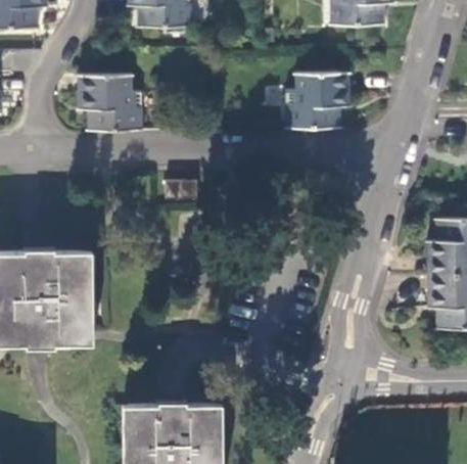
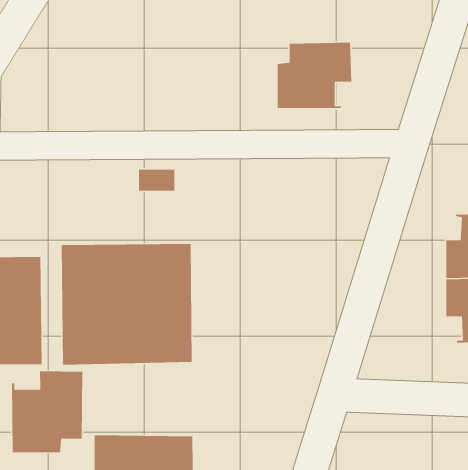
building: [78,75,143,130] -> none
building: none -> [61,243,193,365]
building: none -> [11,370,83,453]

